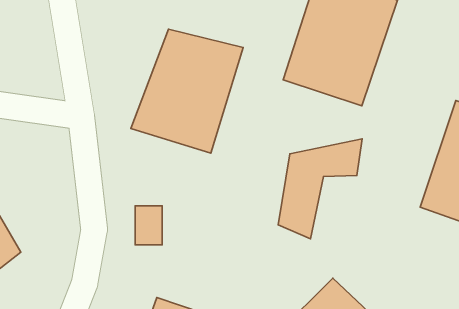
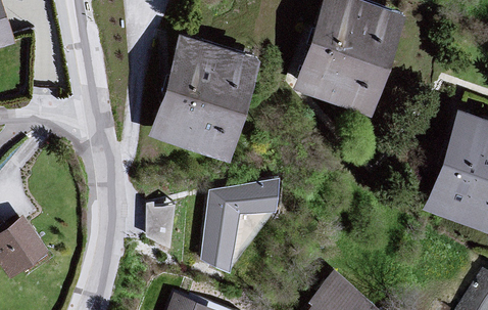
building: [278,139,362,239] -> [200,177,280,272]

